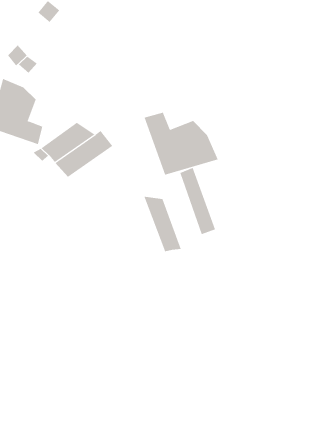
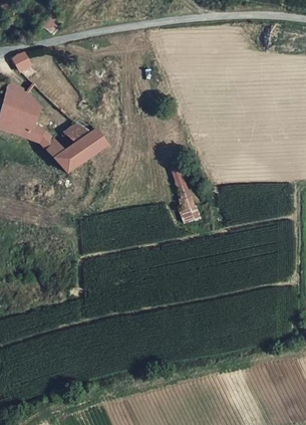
building: [144,112,219,175] -> none
building: [144,196,181,252] -> none

